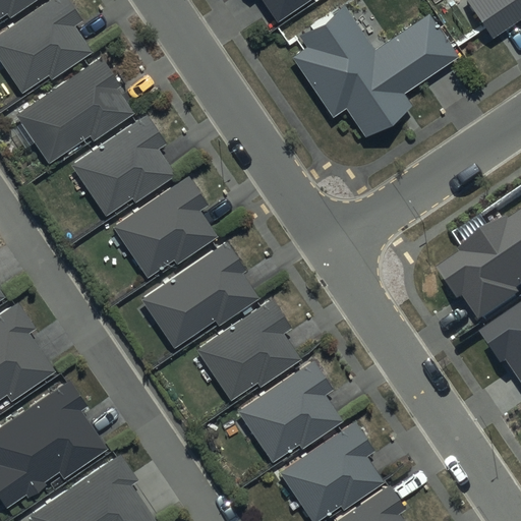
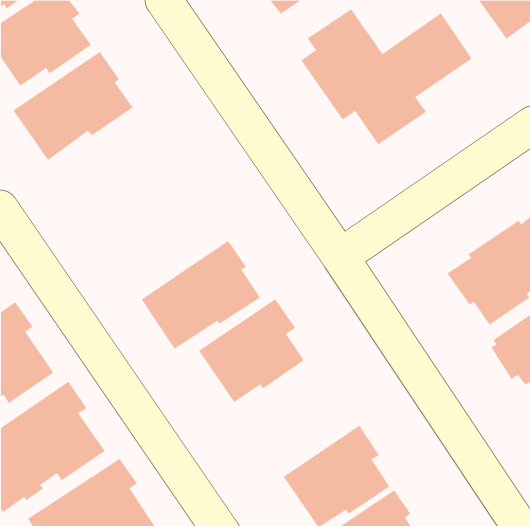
building: [70,114,174,215] -> none
building: [113,176,216,277] -> none
building: [237,359,342,462] -> none

